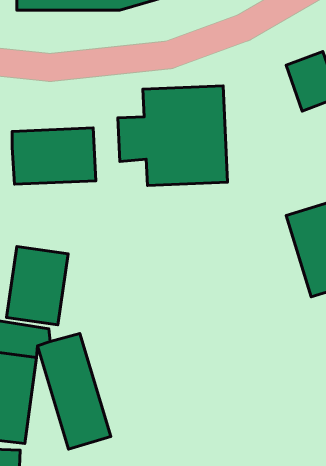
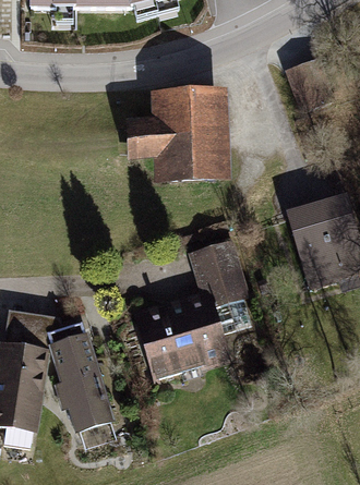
building: [12,128,96,184] -> none
building: none -> [134,234,253,381]
building: [6,246,68,325] -> none

